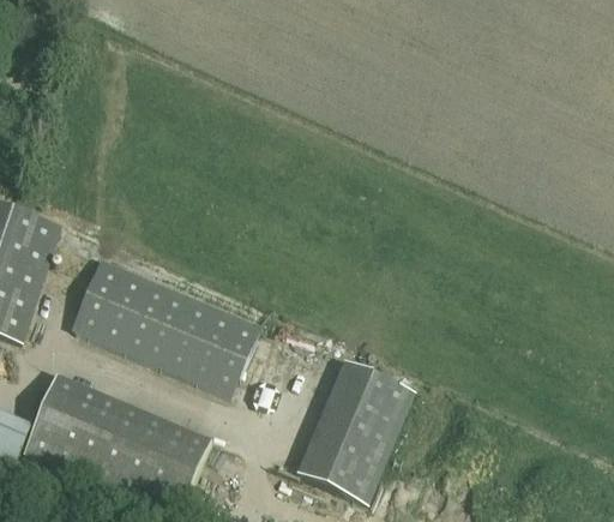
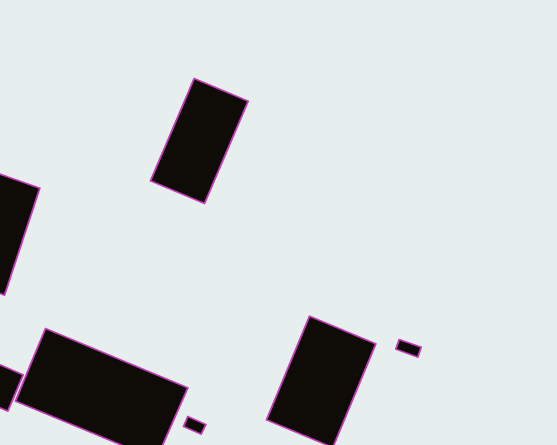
building: none -> [151,78,248,204]
building: [73,259,260,397] -> none

